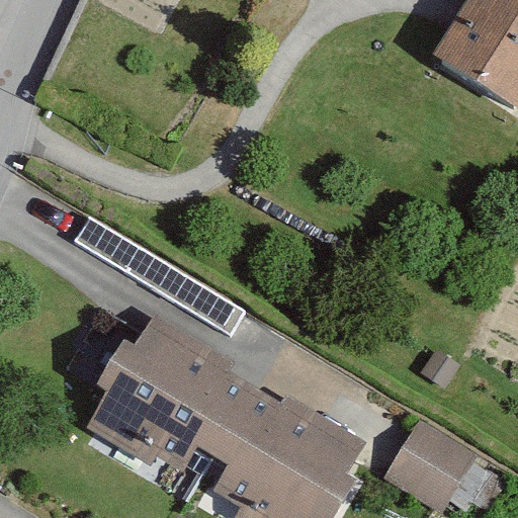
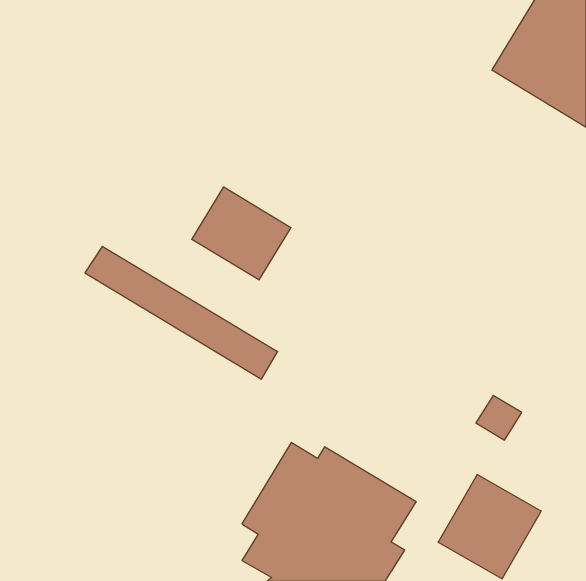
building: none -> [192,187,291,280]
building: [87,315,257,474] -> none

